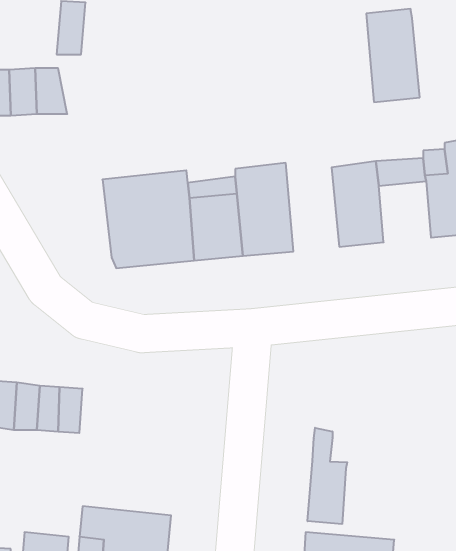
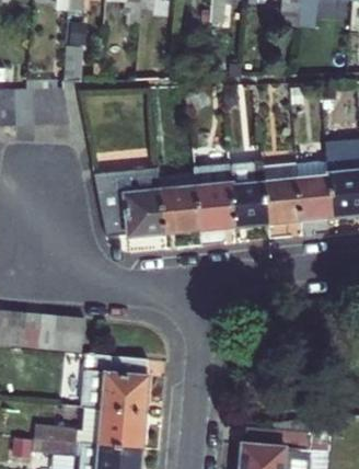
building: [366,9,420,102] -> [230,160,268,227]
building: none -> [297,176,334,220]
building: [308,428,347,524] -> none
building: none -> [81,357,150,416]

